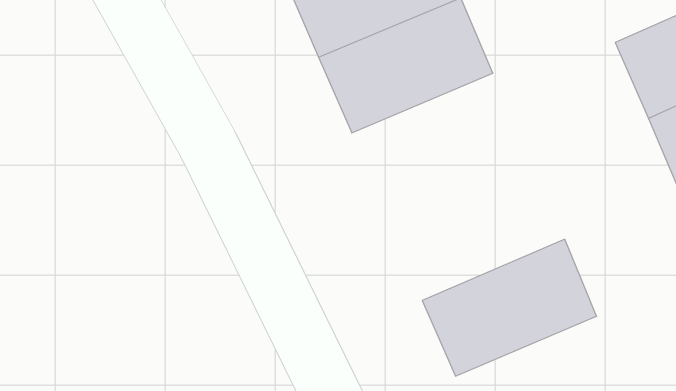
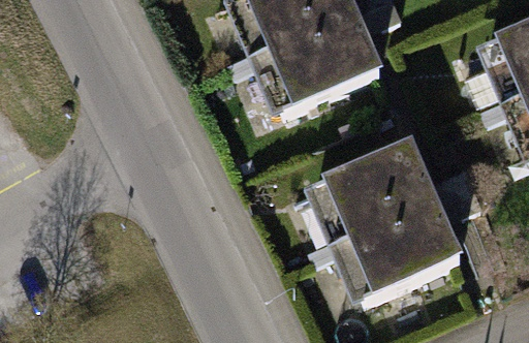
building: none -> [304,135,440,243]

